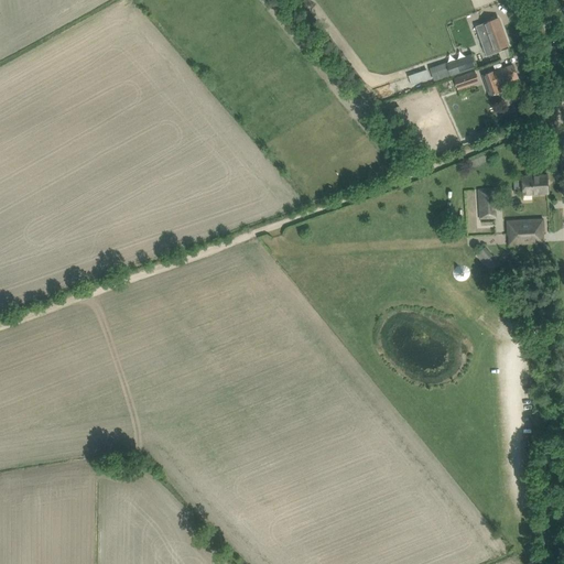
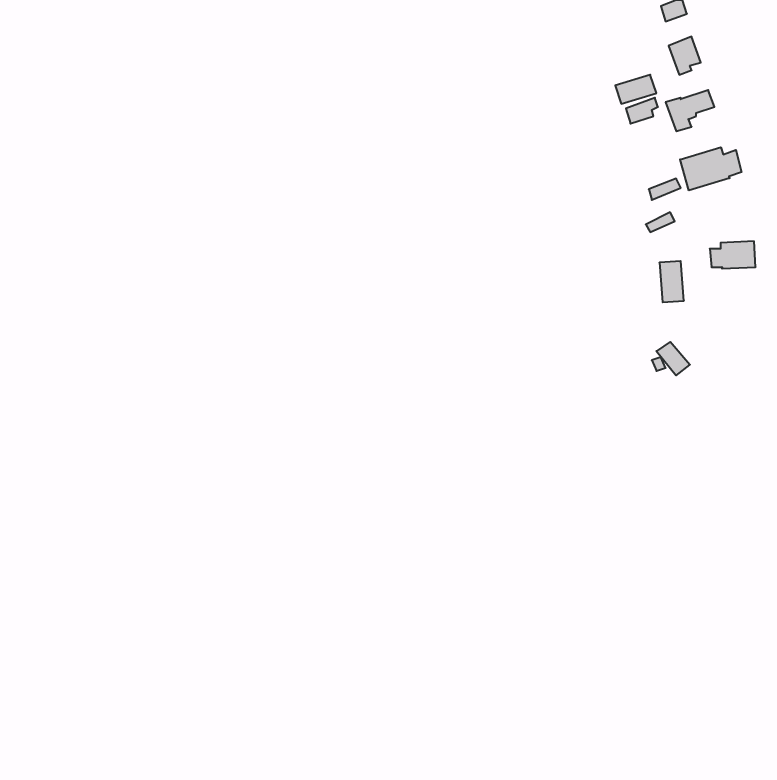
building: none -> [680,147,742,190]
building: [503,218,542,243] -> none

